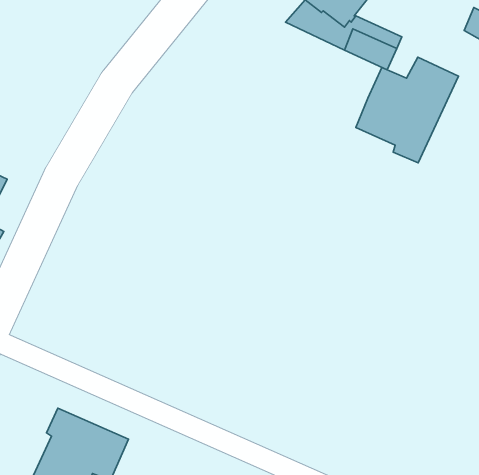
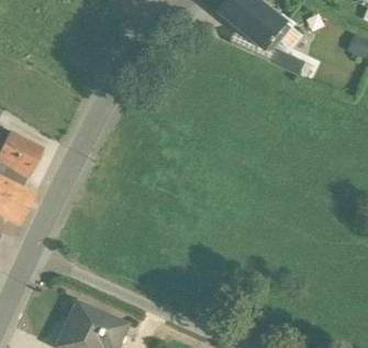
building: [356,57,459,163] -> none

